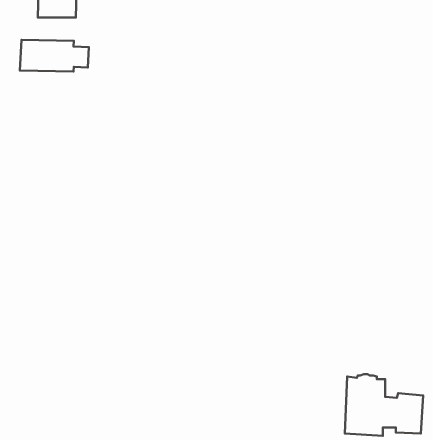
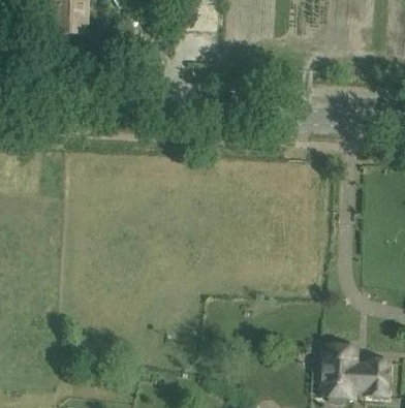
building: [20,40,89,72] -> none

